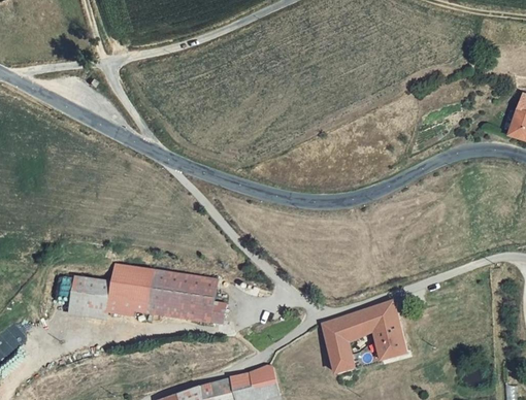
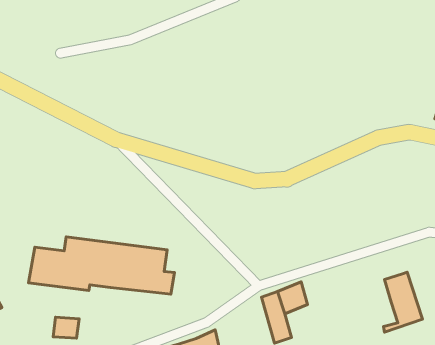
building: [362,302,404,368] -> [384,272,422,332]
building: none -> [53,317,79,338]

